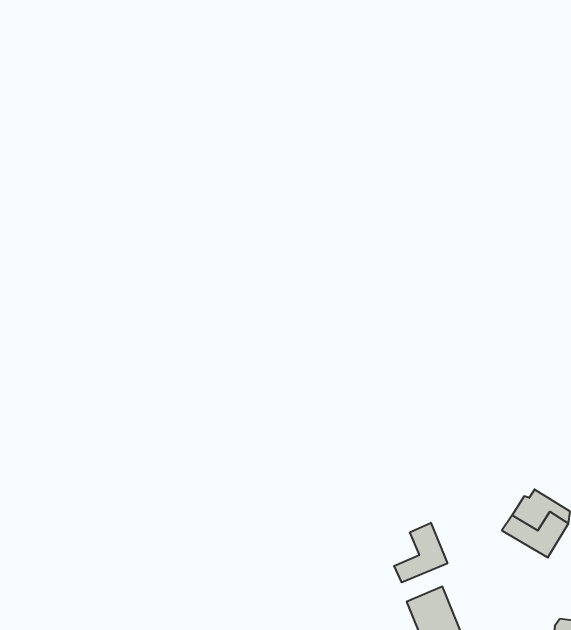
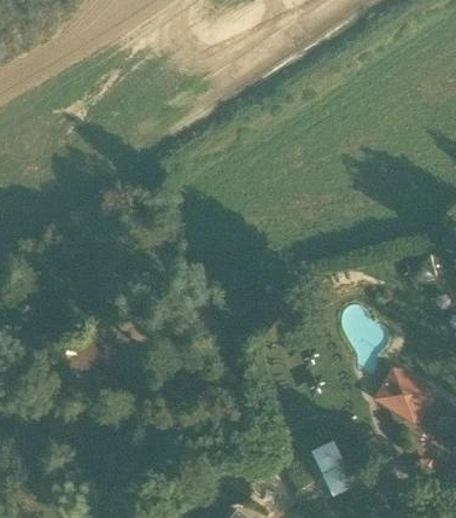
building: [394,523,447,582] -> none

